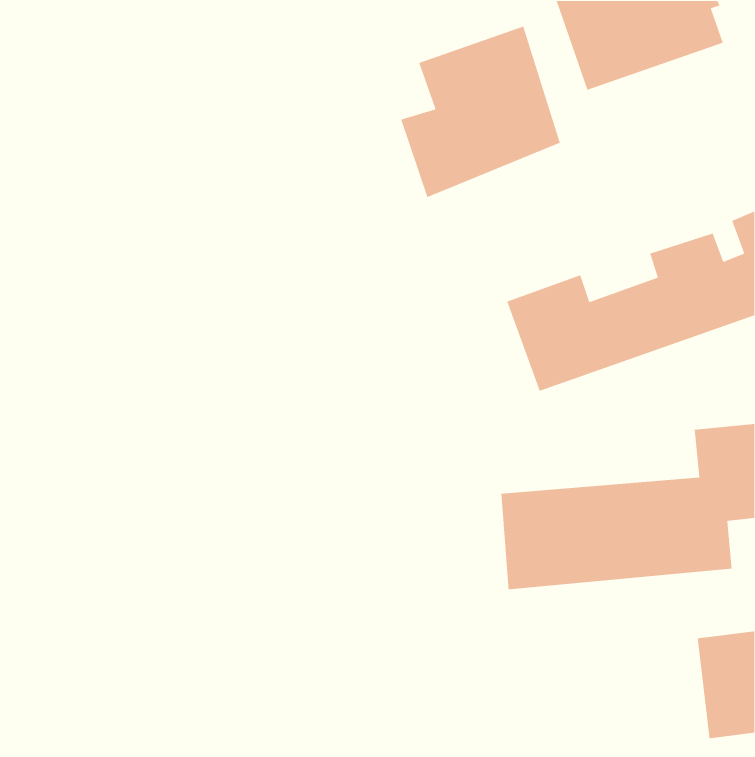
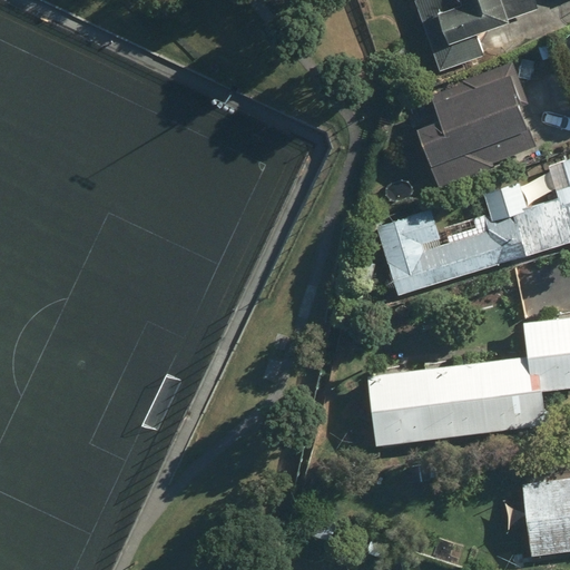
building: [400,25,561,198] -> [420,59,540,188]

